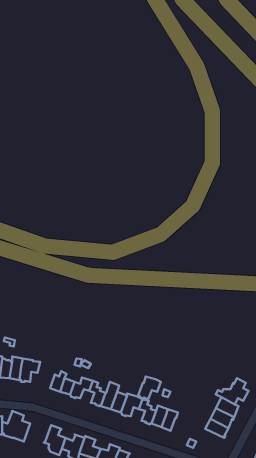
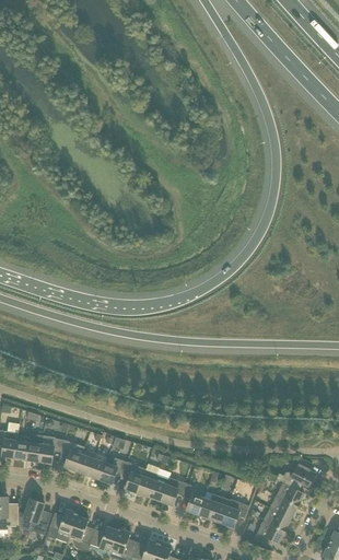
building: none -> [59,440,83,471]
building: [138,377,161,399] -> [220,500,247,527]
building: none -> [45,510,75,539]
building: none -> [253,521,284,546]

